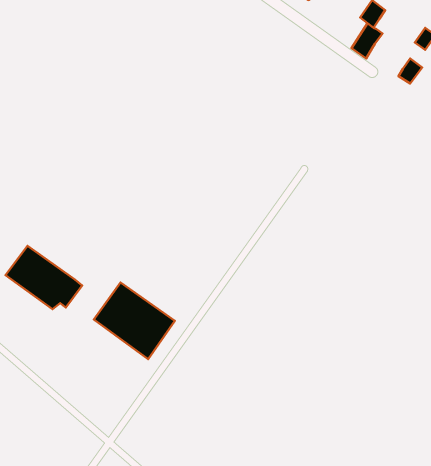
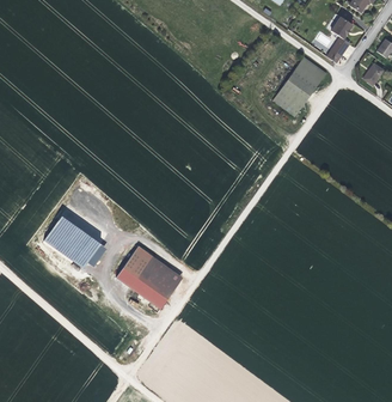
building: none -> [275,67,320,116]

